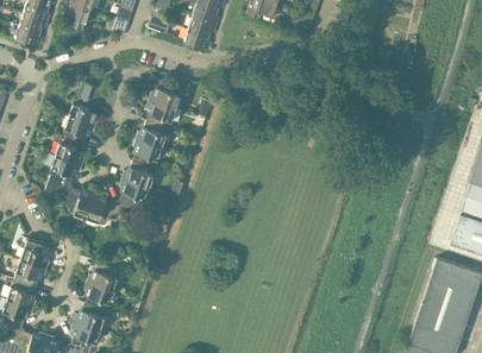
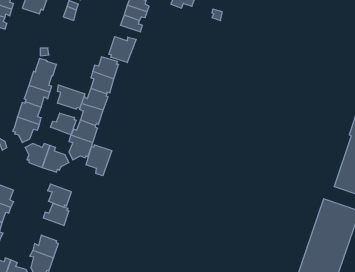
building: none -> [109,37,136,63]
building: none -> [57,85,85,109]
building: none -> [51,113,76,135]
building: none -> [86,145,112,176]
building: [83,282,113,310] -> [48,184,71,207]

